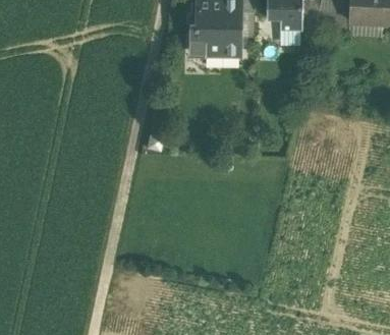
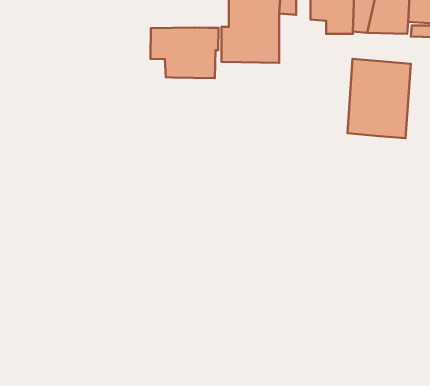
building: none -> [150,28,218,78]
building: none -> [347,59,411,138]

